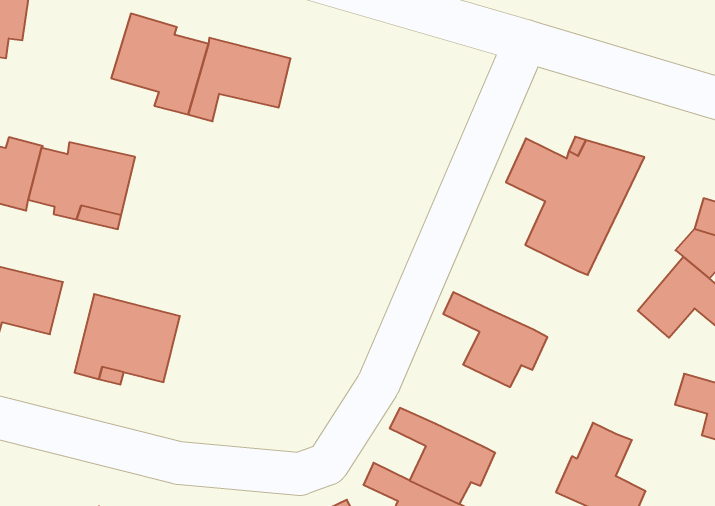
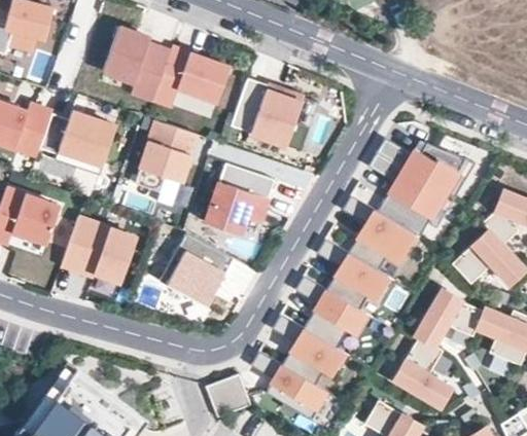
building: none -> [233,78,311,150]
building: none -> [137,120,199,191]
building: none -> [207,162,276,234]
building: none -> [345,195,415,269]
building: none -> [161,232,235,307]
building: none -> [409,287,481,347]
building: none -> [297,276,367,347]

